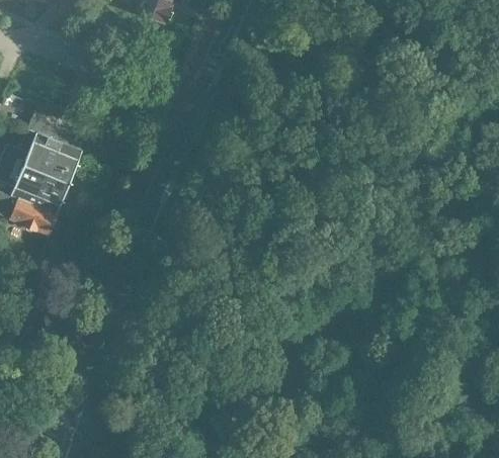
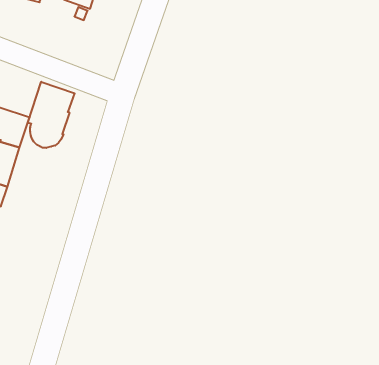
building: none -> [28,82,75,148]

